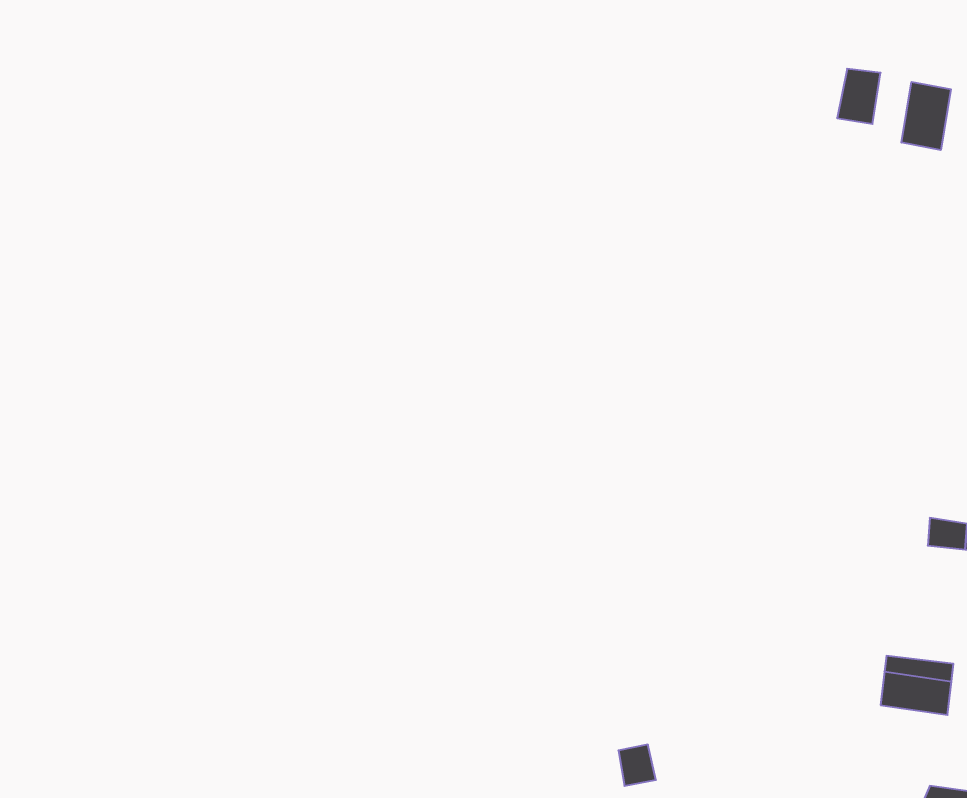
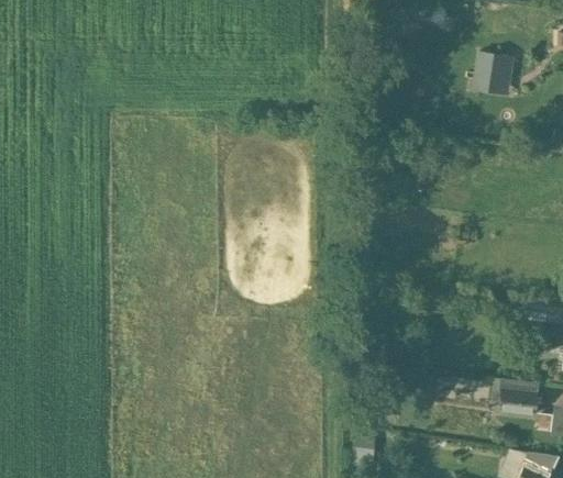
building: [901,82,951,150] -> none

